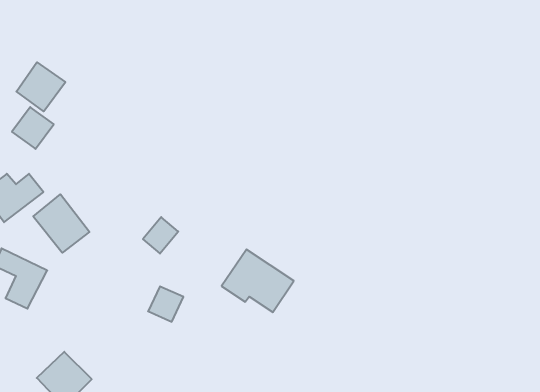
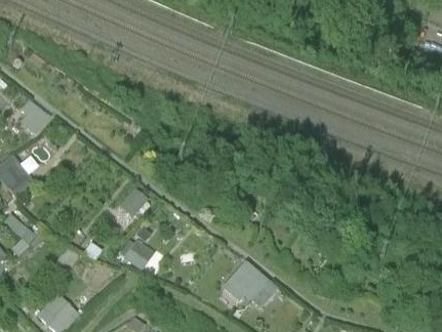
building: [16,62,65,111] -> none
building: [33,194,89,253] -> none
building: [222,249,294,312] -> [224,262,280,312]

